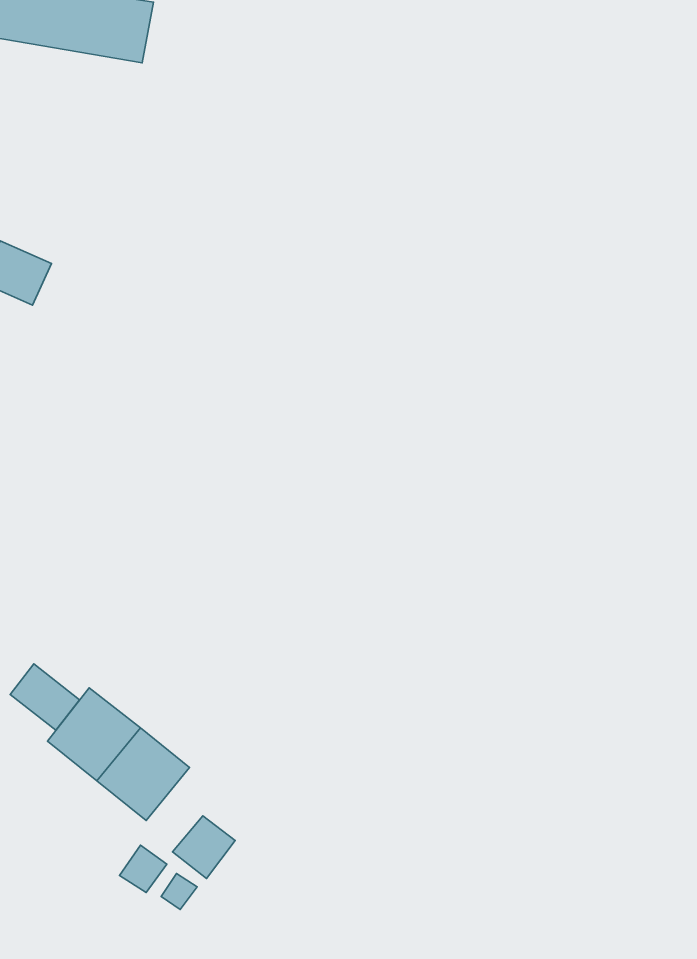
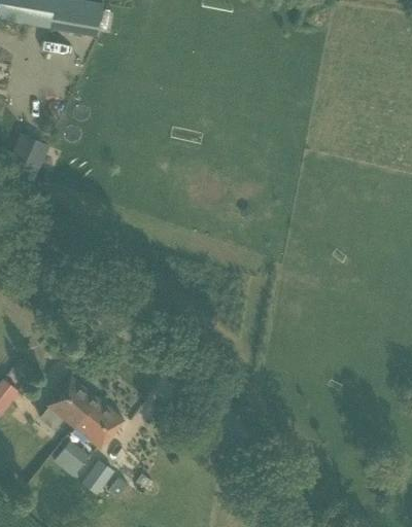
building: [10,664,79,730] -> none
building: [172,816,235,878] -> [55,443,89,477]

